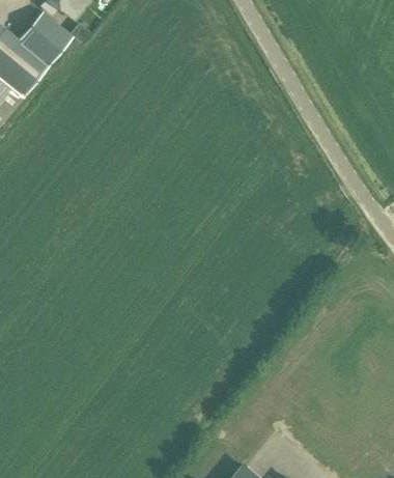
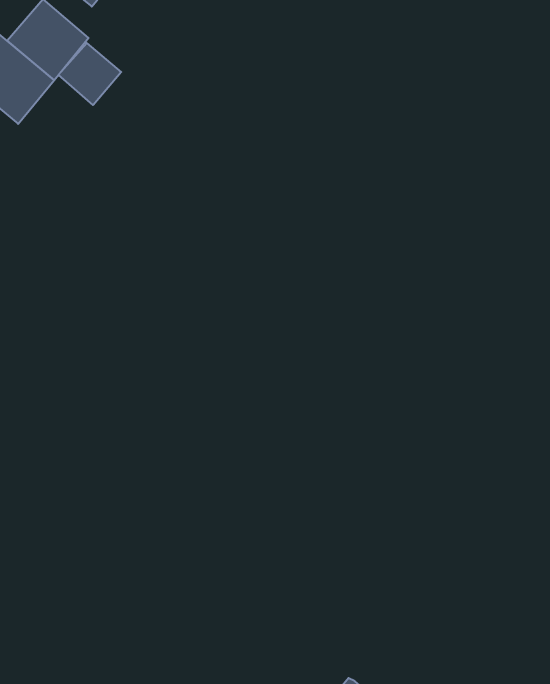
building: none -> [58,43,121,105]

